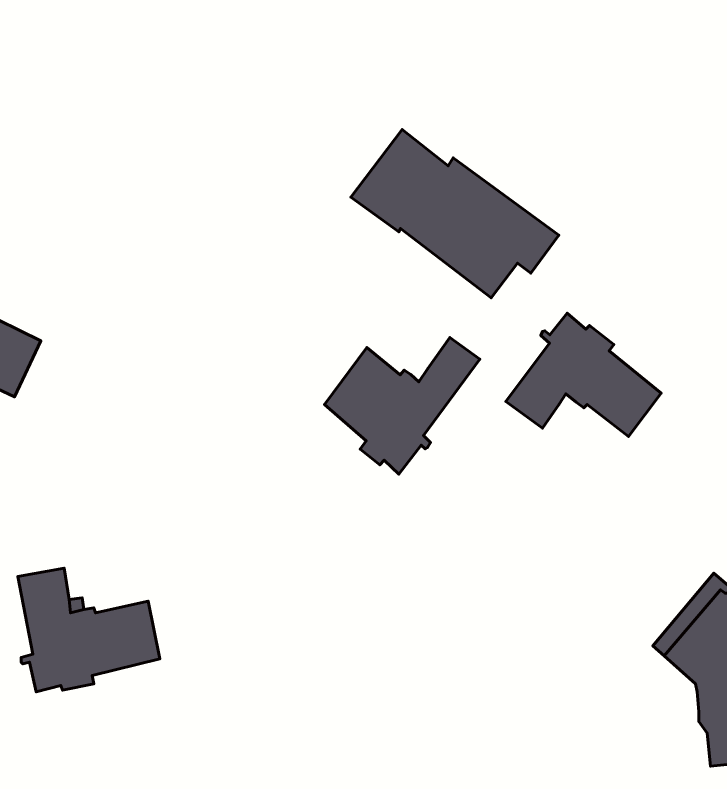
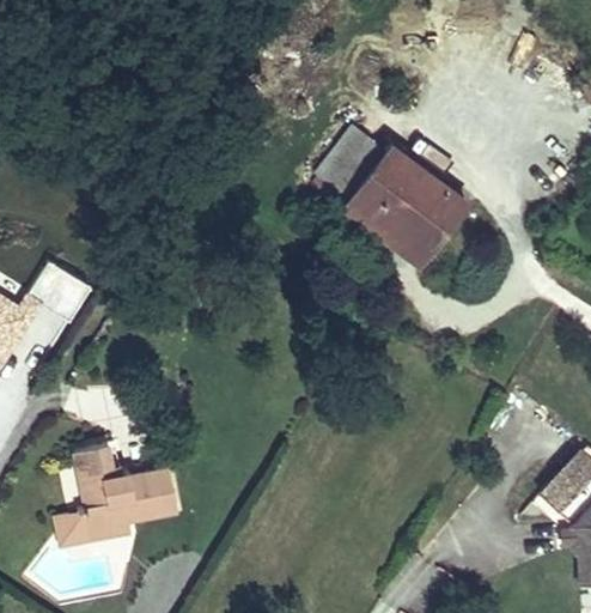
building: [506,313,661,437] -> none
building: [325,337,480,474] -> none

